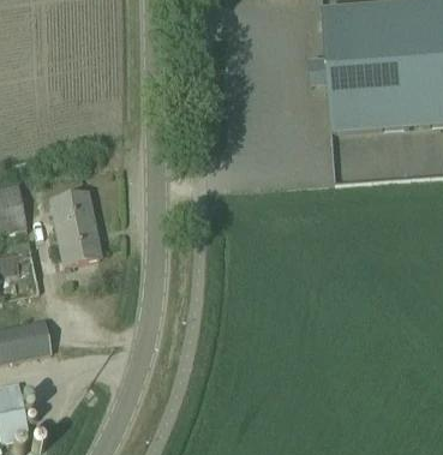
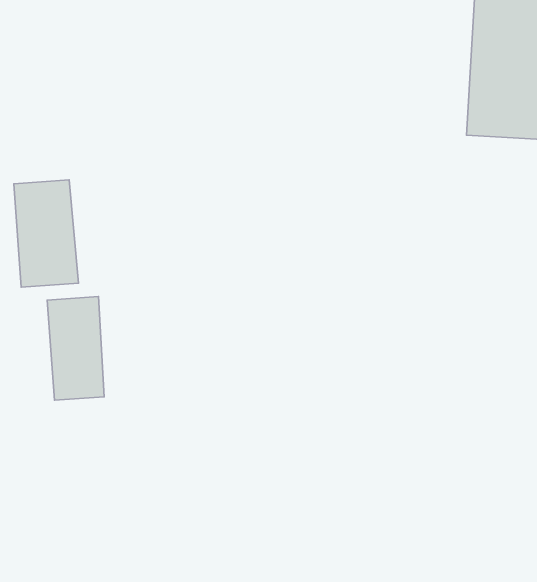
building: none -> [47,296,104,400]

